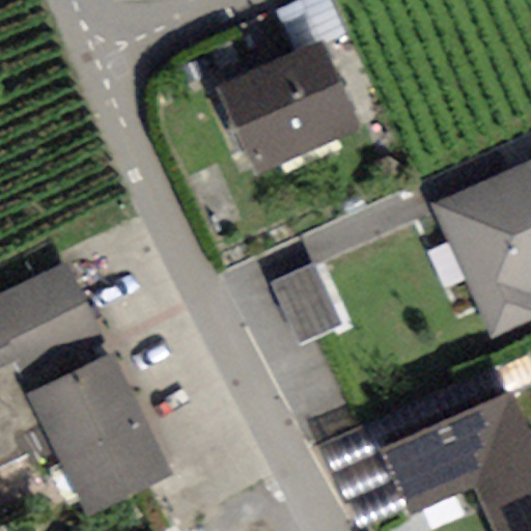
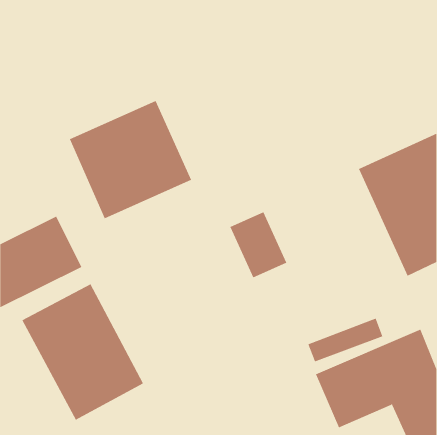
building: [216,38,357,172] -> none
building: none -> [69,100,192,219]

